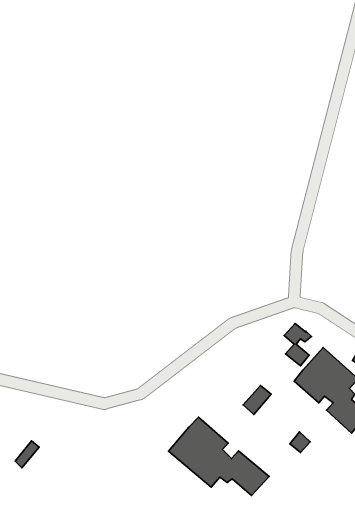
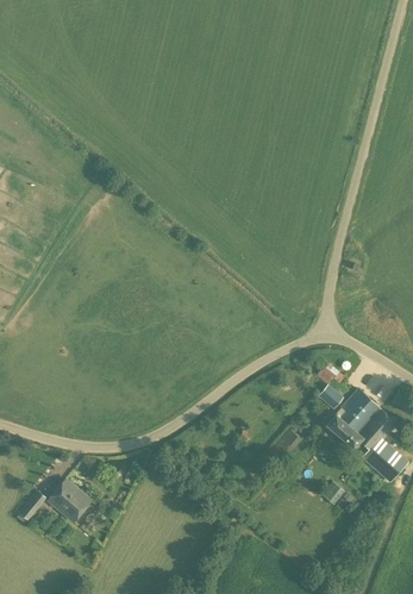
building: [169,417,269,496] -> none
building: none -> [49,479,92,521]

